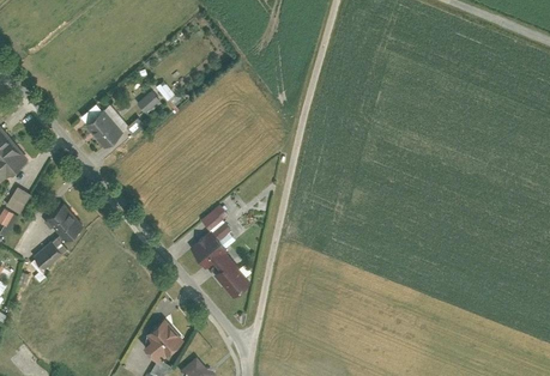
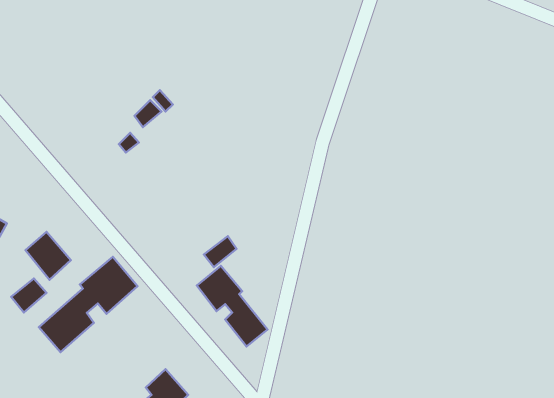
building: [86,108,123,147] -> none
building: none -> [39,257,138,352]

